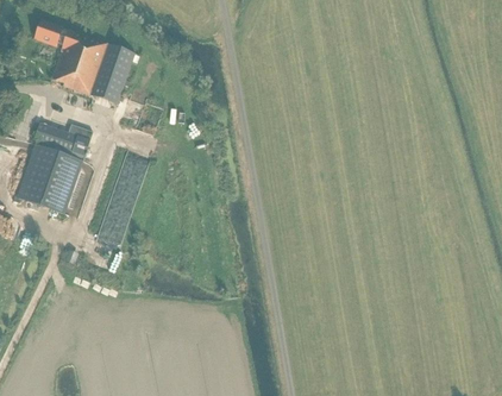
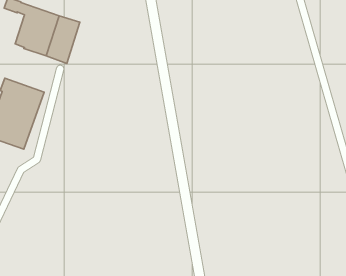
building: [99,156,146,250] -> none

